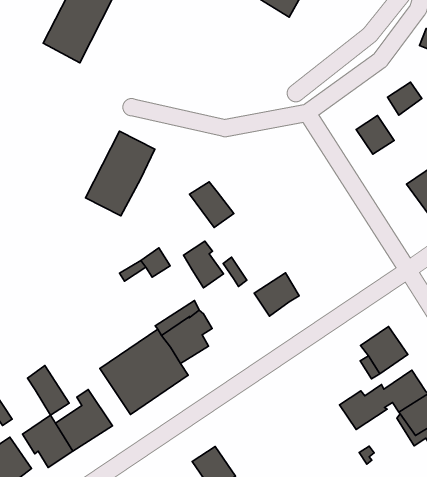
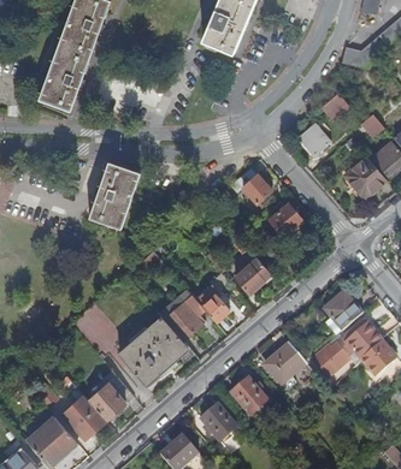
building: [190,182,234,228] -> [235,167,272,203]
building: none -> [266,202,303,241]
building: [183,241,223,288] -> [195,285,229,322]
building: [27,365,69,415] -> none
building: none -> [265,342,306,387]
building: none -> [231,376,267,414]

